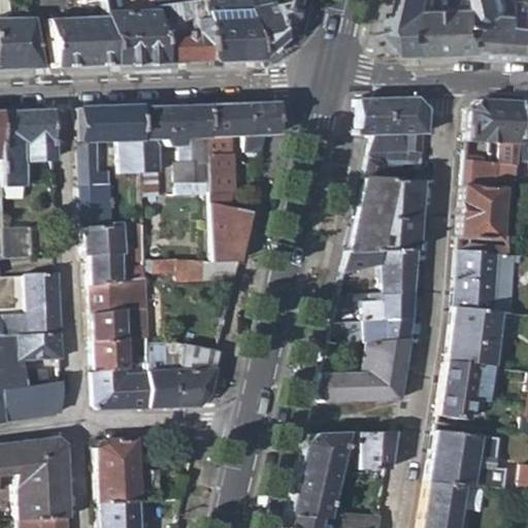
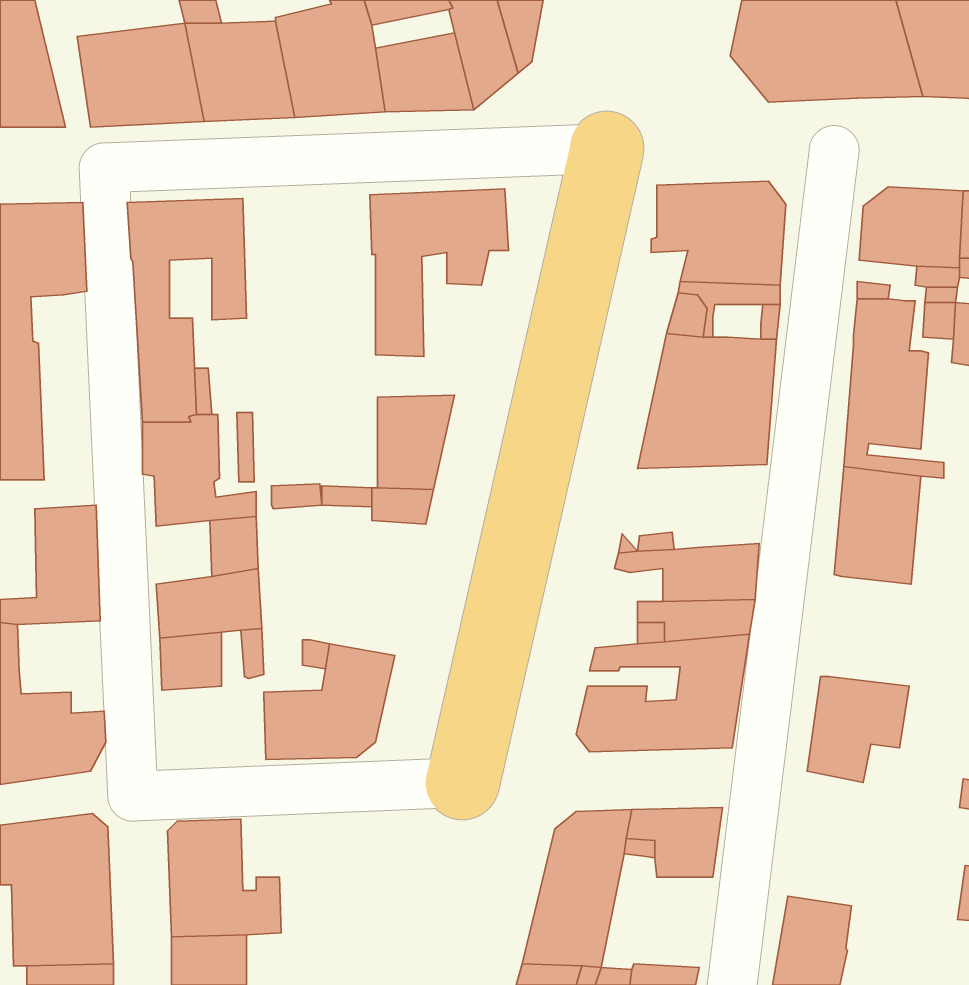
building: [138,104,209,195] -> none
building: [344,249,419,293] -> none
building: [92,278,122,312] -> none
building: [452,308,506,368] -> none
building: [18,332,64,359] -> none
building: [95,367,151,408] -> none
building: [430,430,506,489] -> none

